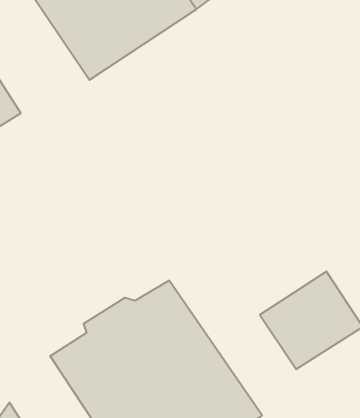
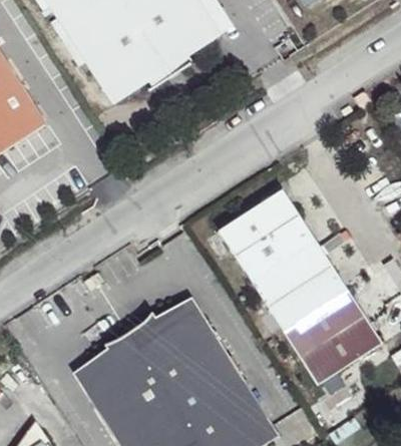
building: none -> [217,190,348,334]

